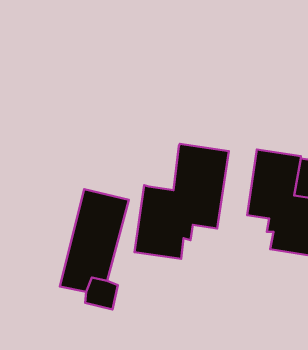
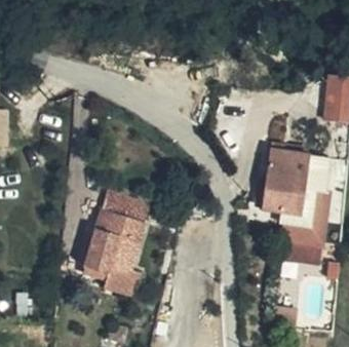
building: [134,144,229,259] -> none

